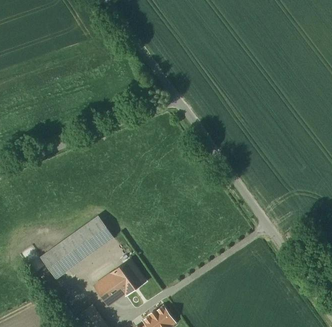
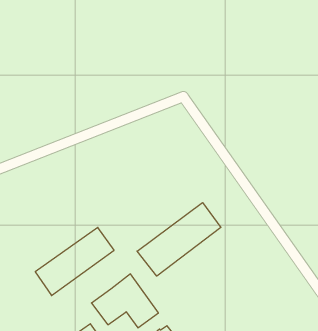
building: none -> [137,203,221,276]

